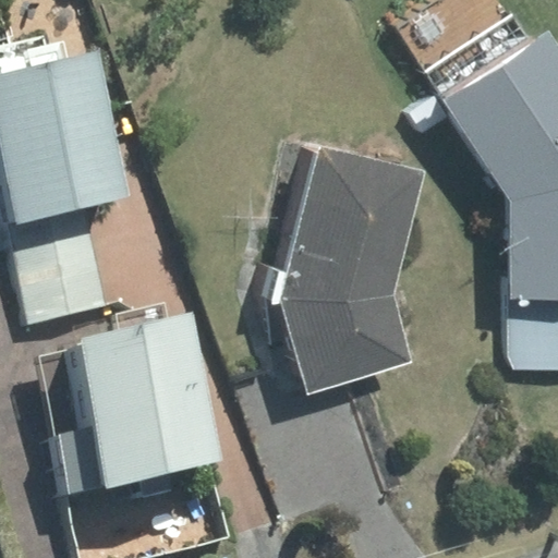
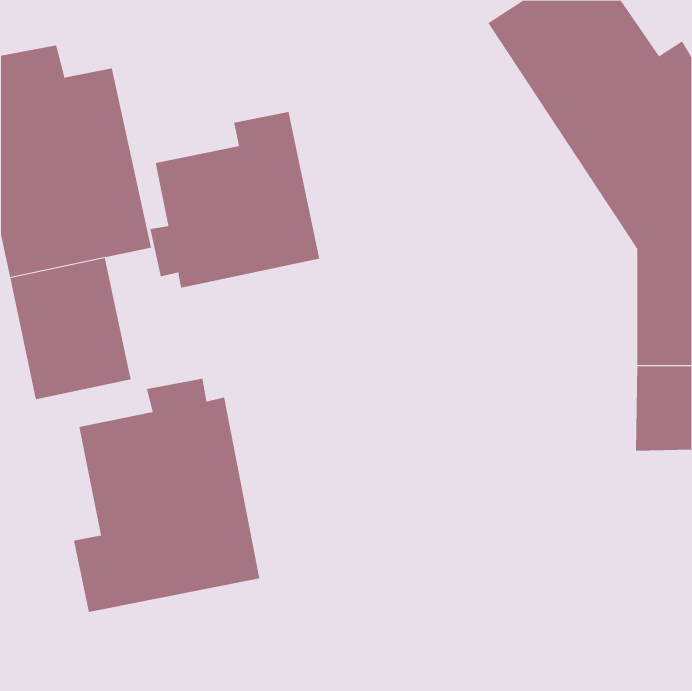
building: none -> [150,111,320,288]
building: [281,147,424,393] -> none

